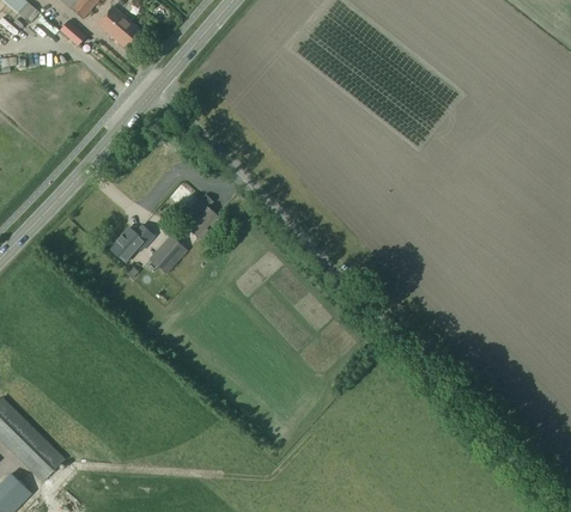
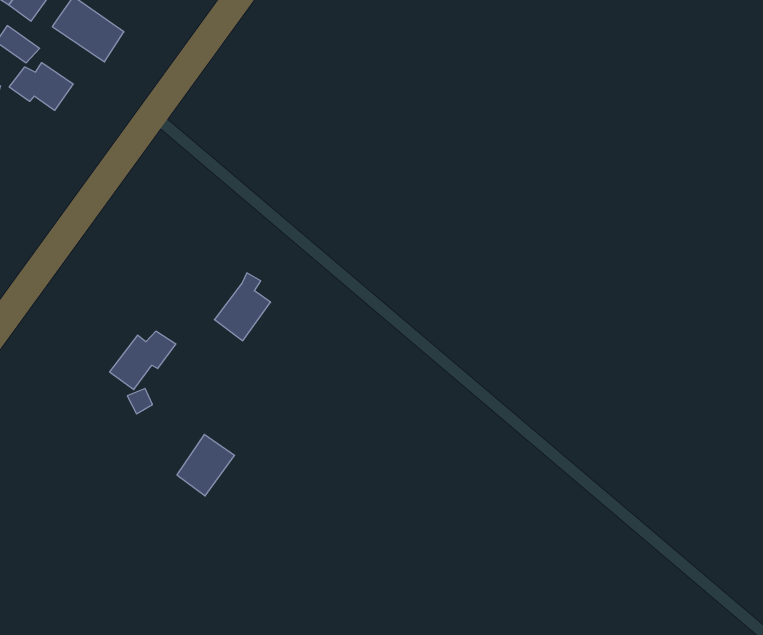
building: none -> [9,63,73,110]
building: [148,233,187,273] -> [177,434,235,496]

